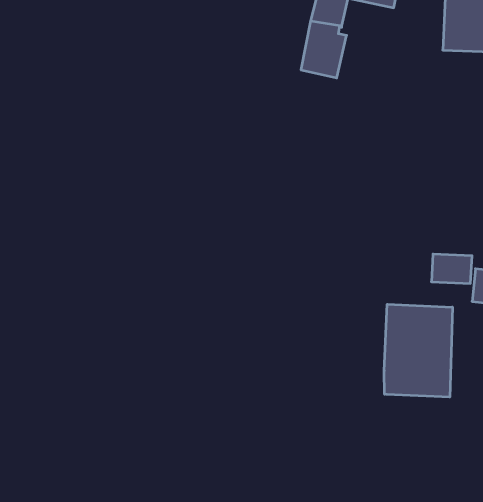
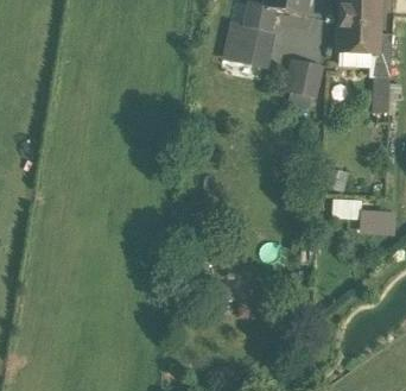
building: none -> [290,58,324,96]
building: [384,304,452,397] -> none

